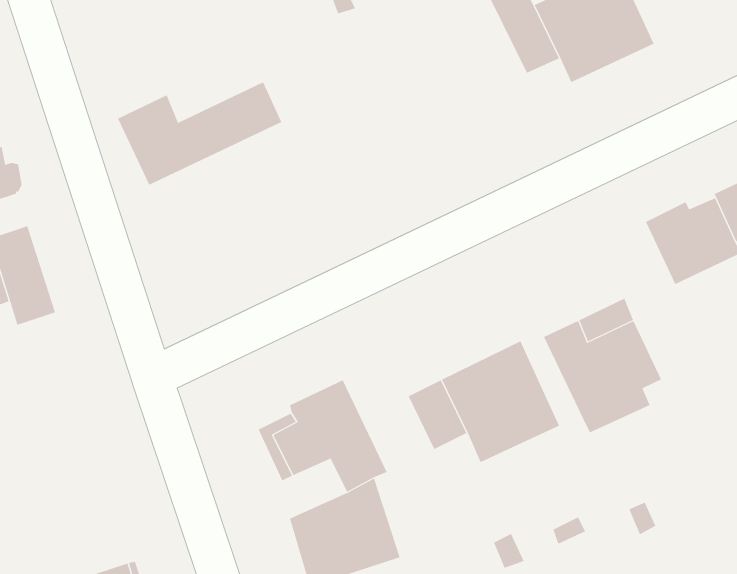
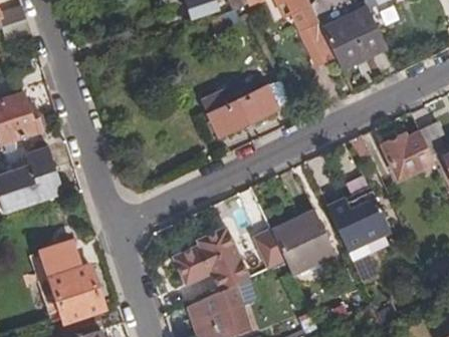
building: [117,82,282,185] -> [200,81,289,137]
building: none -> [40,242,103,323]

